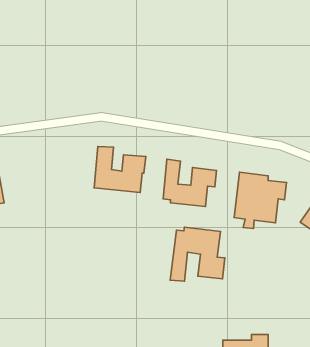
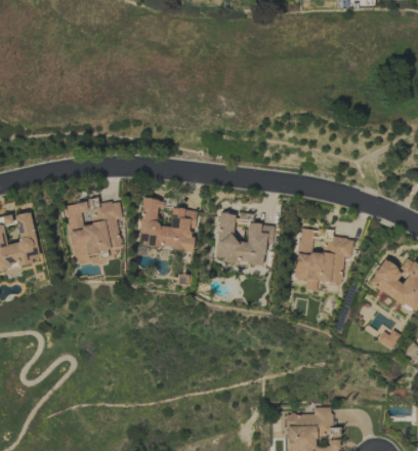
building: none -> [68,200,123,254]
building: [170,227,225,281] -> none

